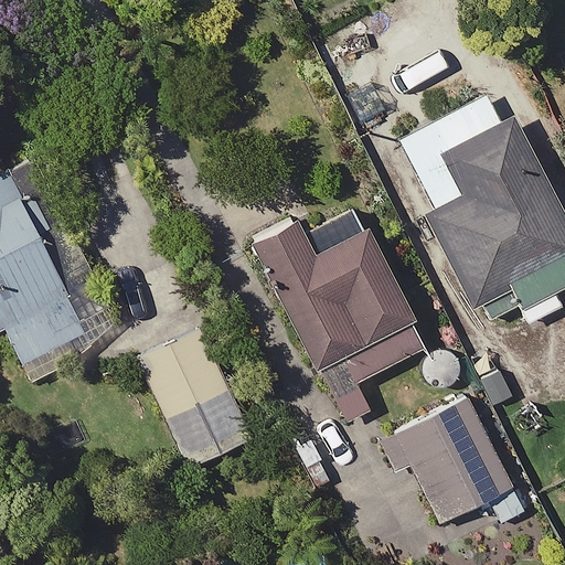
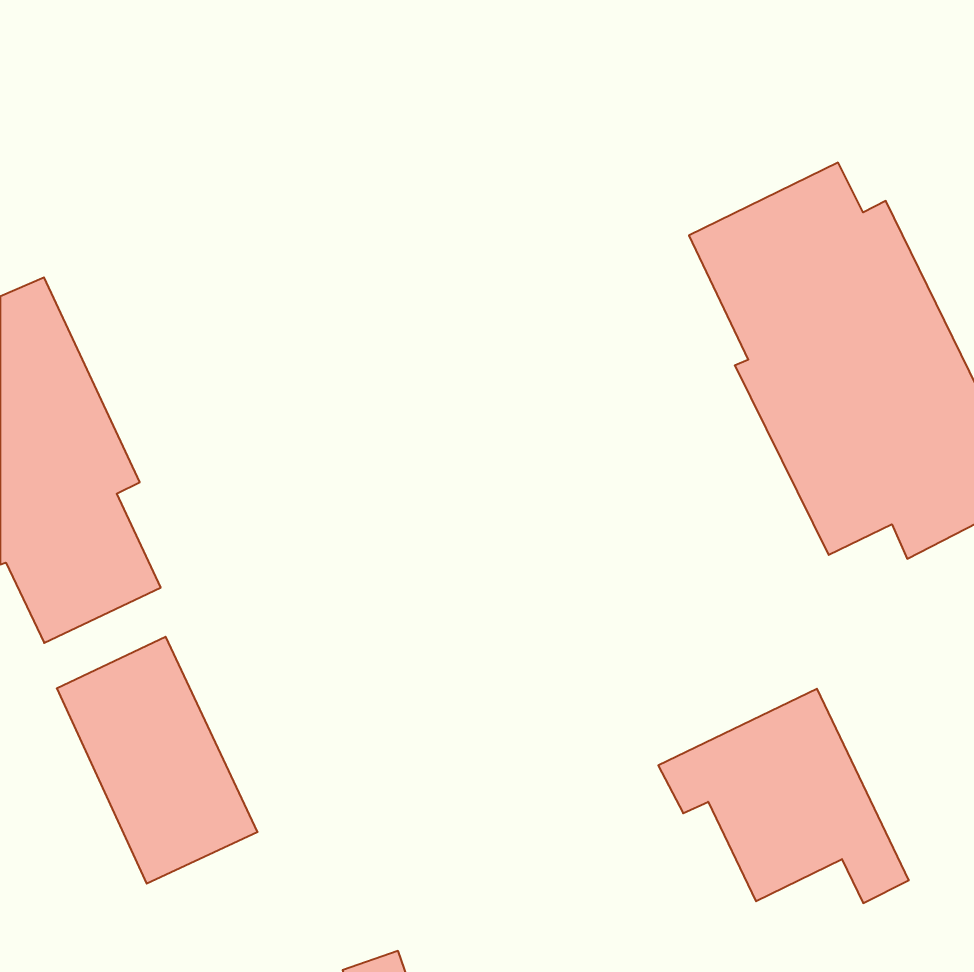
building: [252,210,424,381] -> none
building: [136,326,252,468] -> [57,637,258,884]

